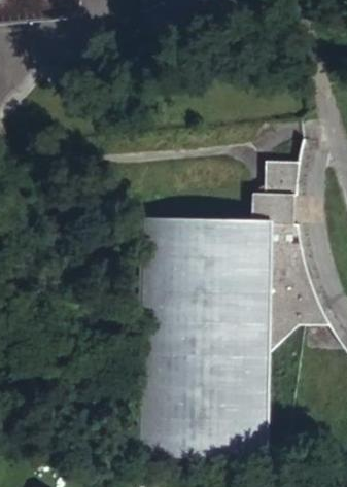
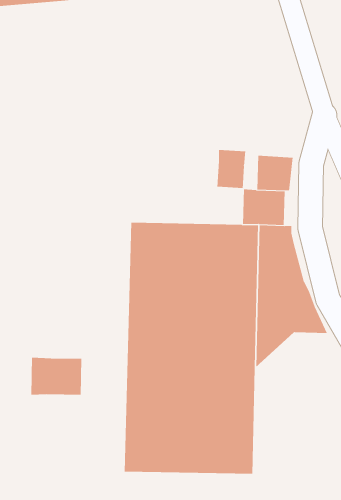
building: none -> [217,149,246,189]
building: none -> [31,357,82,396]

